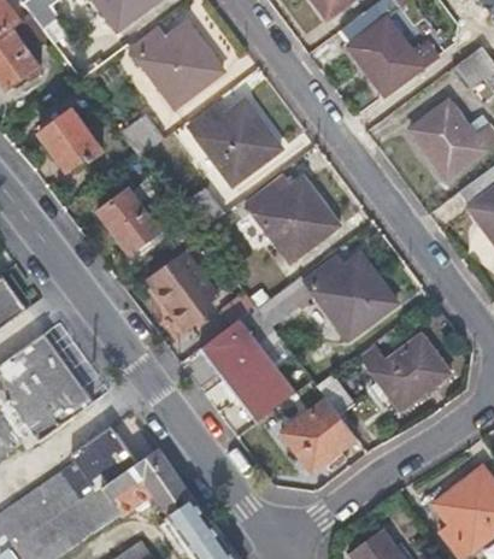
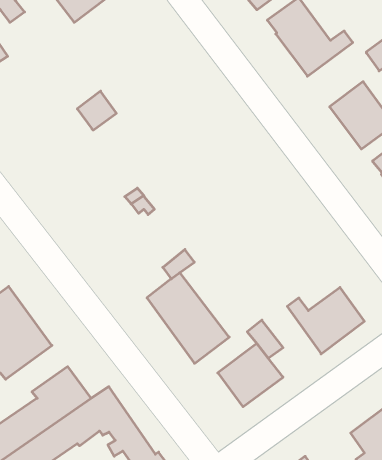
building: [131,23,224,108] -> none
building: [190,100,281,184] -> none
building: [39,110,104,171] -> none
building: [247,177,340,263] -> none
building: [99,188,167,254] -> none
building: [151,254,217,328] -> none
building: [304,255,396,340] -> none

